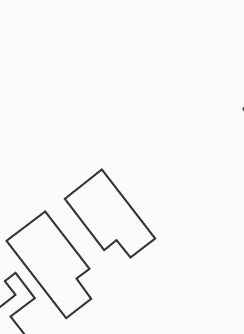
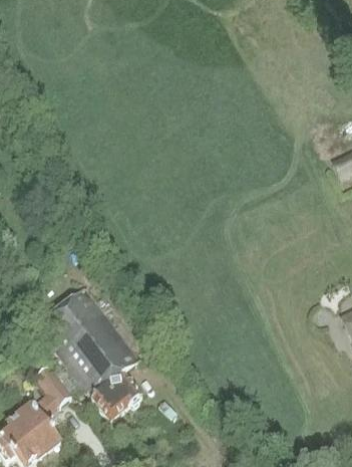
building: [65,170,155,257] -> none

